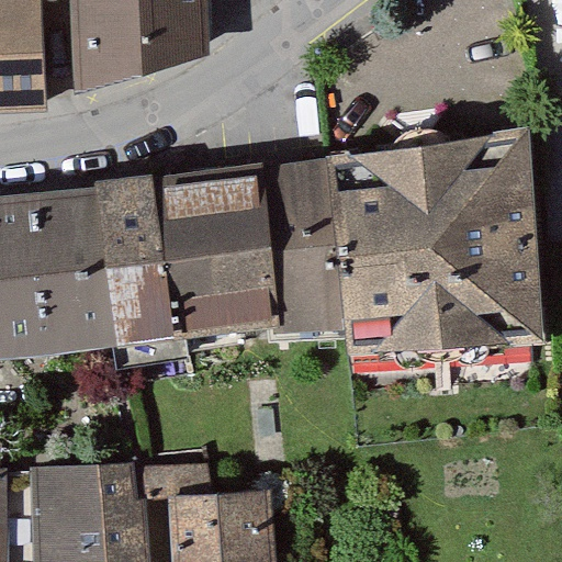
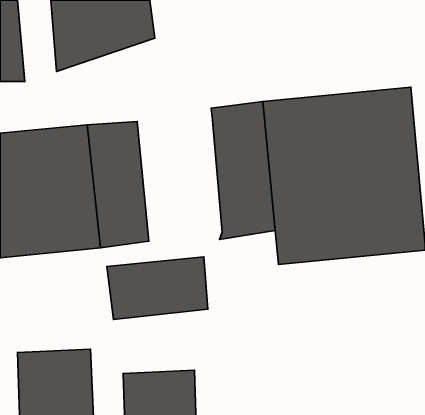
building: [181,167,293,331] -> none
building: none -> [107,257,208,320]

